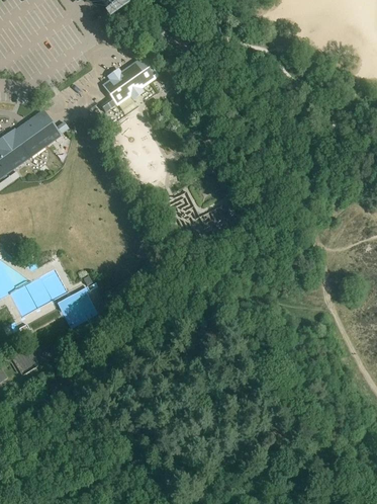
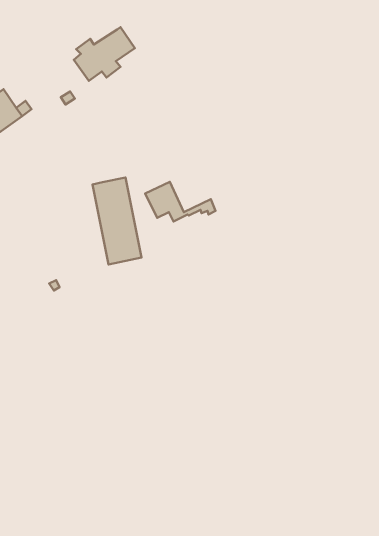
building: none -> [92,177,141,264]

